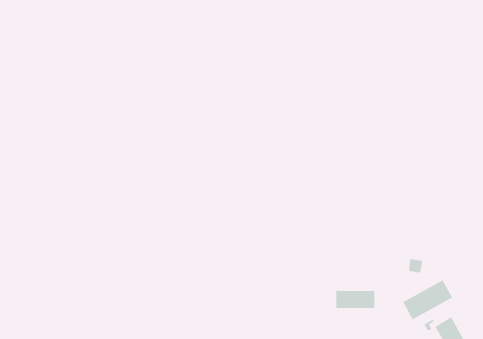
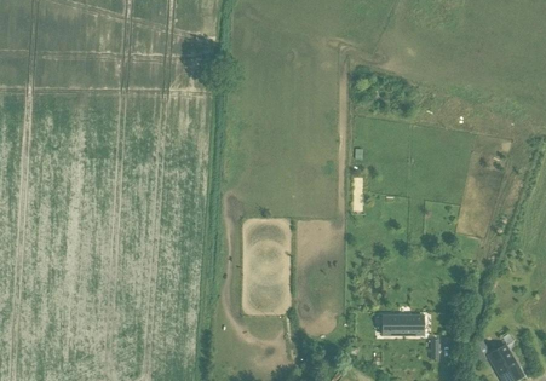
building: [403,280,453,320] -> none

